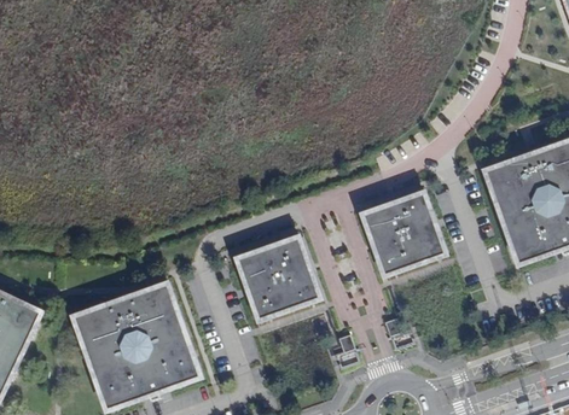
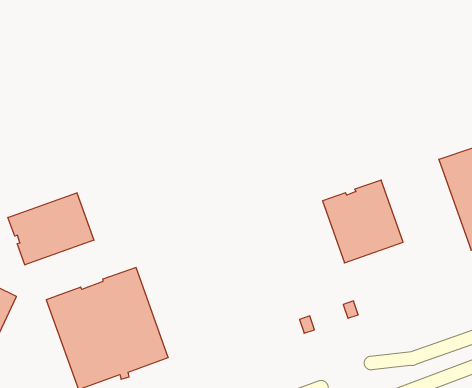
building: none -> [8,193,94,265]
building: [232,234,319,321] -> none

